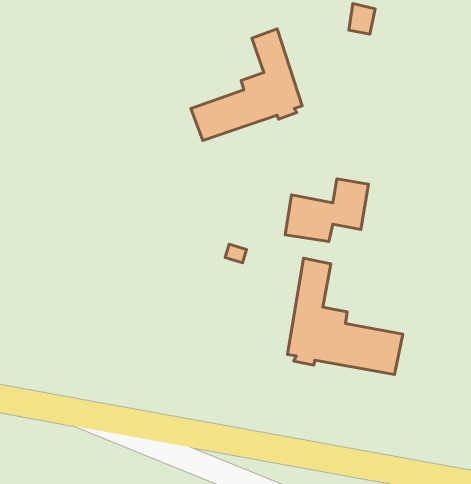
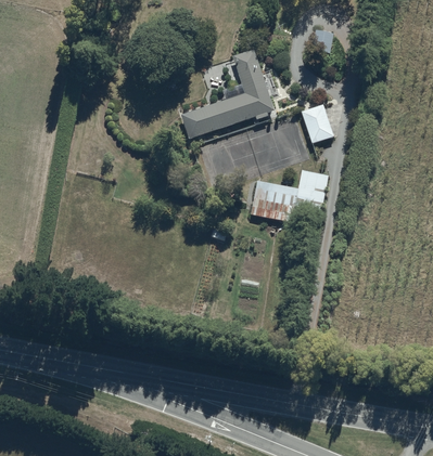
building: none -> [300,101,333,143]
building: [288,258,403,374] -> none

